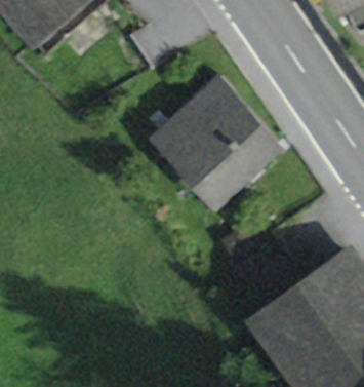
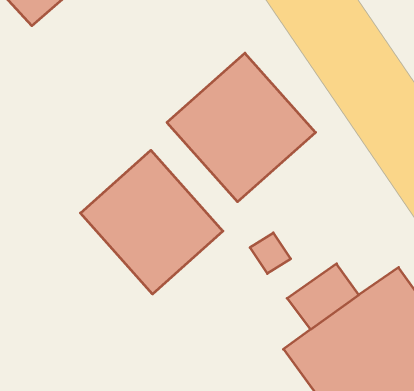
building: none -> [80,150,223,294]

